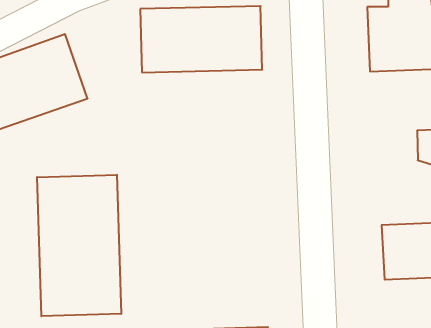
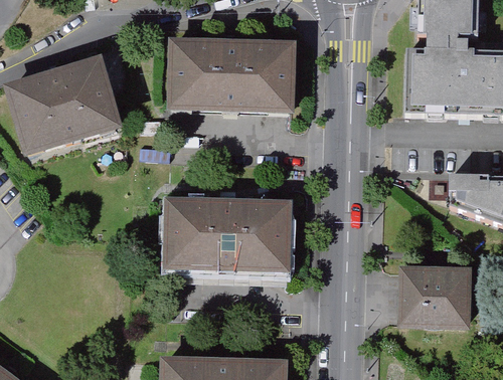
building: none -> [168,201,291,268]
building: [37,175,121,316] -> none

